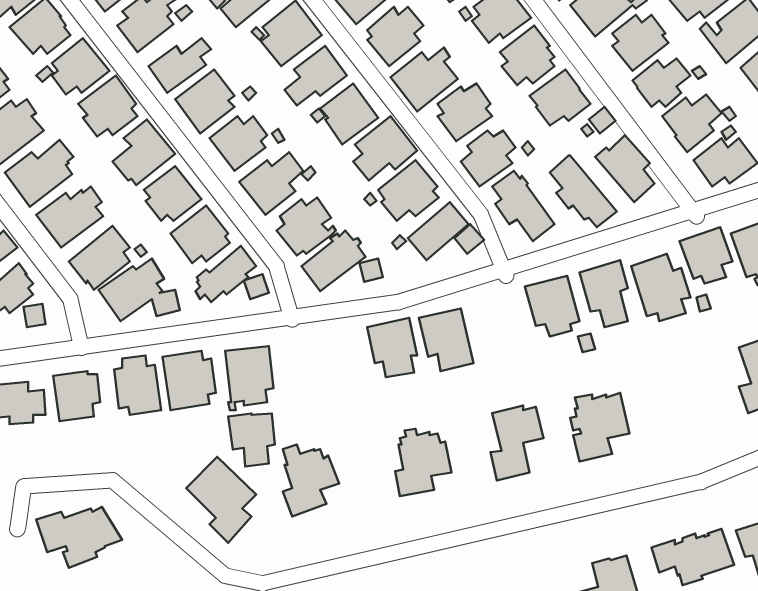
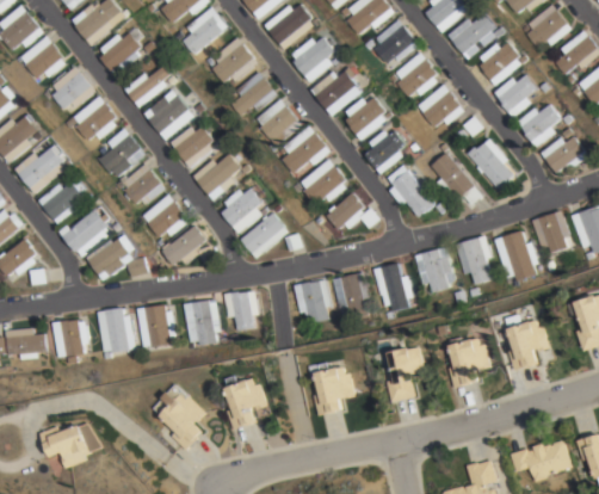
building: none -> [372,260,413,314]
building: none -> [505,313,551,368]
building: [228,413,275,467] -> [222,289,258,329]

